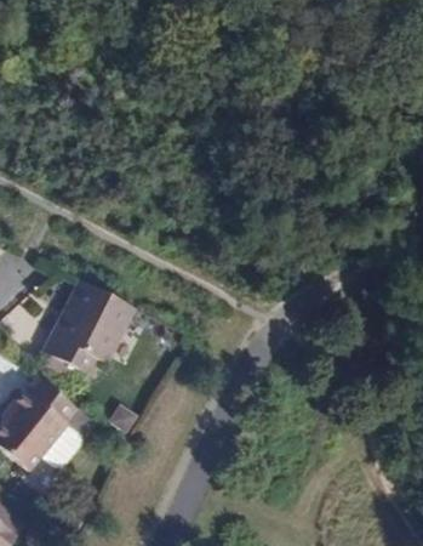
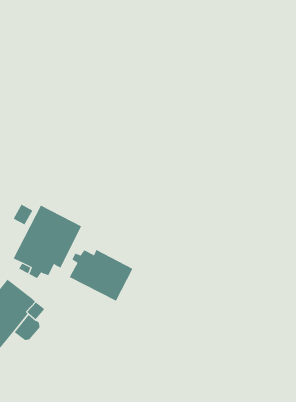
building: none -> [69,249,133,301]

